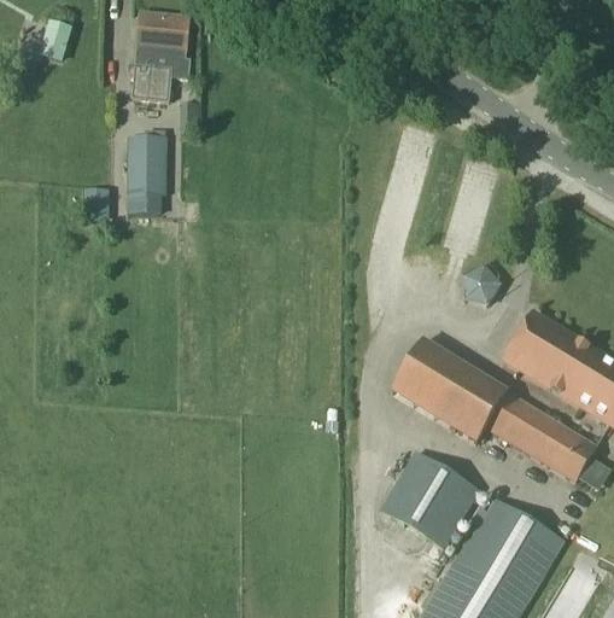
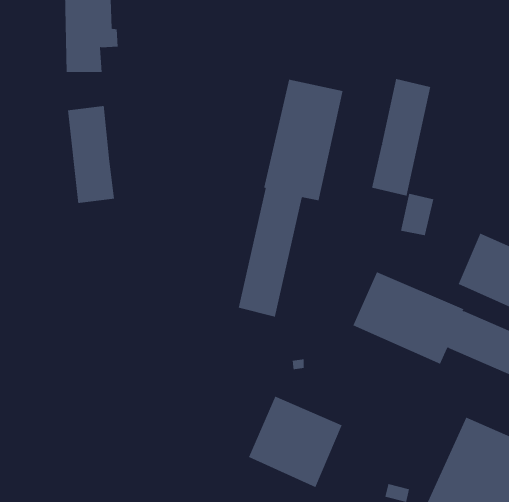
building: none -> [238,79,343,318]
building: none -> [372,78,431,196]
building: [380,449,480,548] -> [248,396,342,488]

